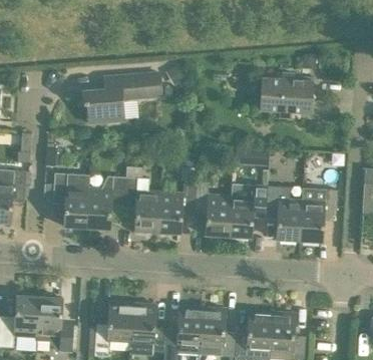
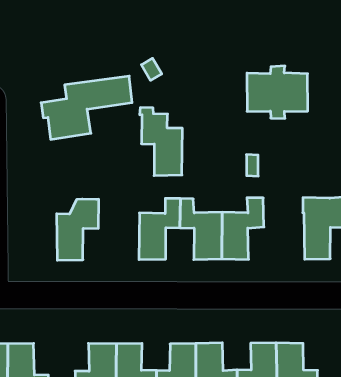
building: [124,171,160,232] -> [140,108,182,176]
building: [52,172,89,228] -> none
building: [267,186,302,241] -> none

